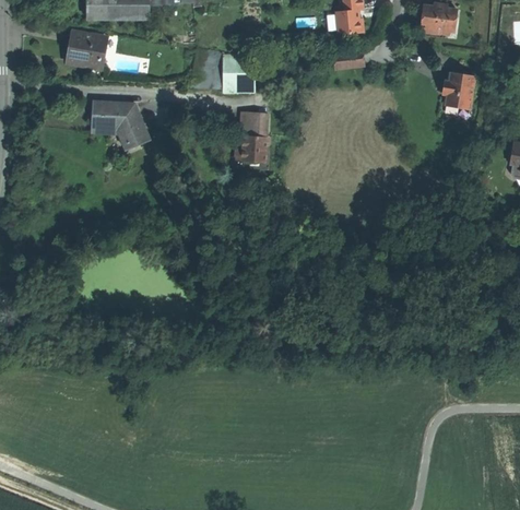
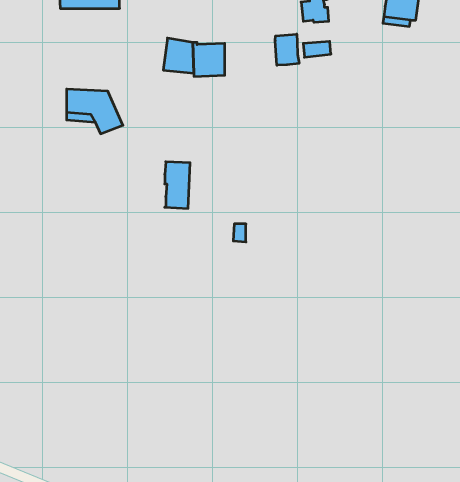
building: [69,32,106,67] -> none
building: none -> [275,34,299,65]
building: [445,73,476,108] -> none
building: [243,112,269,161] -> [165,162,190,208]

